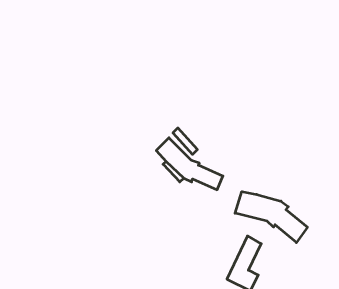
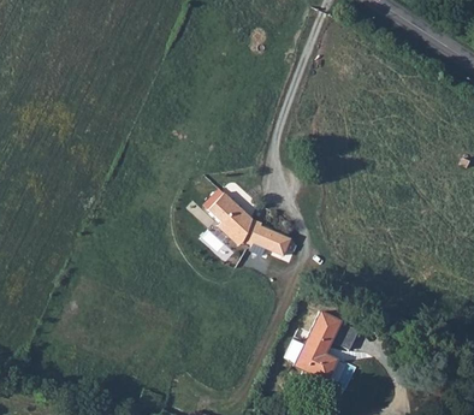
building: [235,192,307,243] -> none

